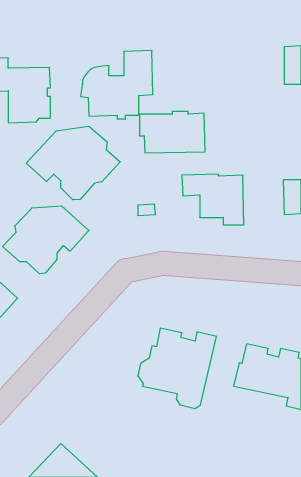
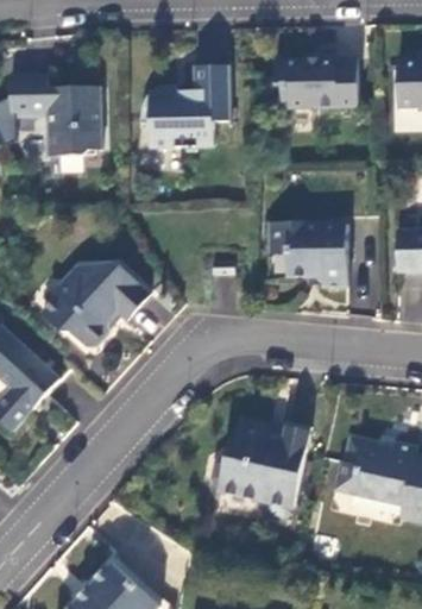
building: [139,111,205,153] -> [275,55,358,107]
building: [26,126,120,200] -> none

